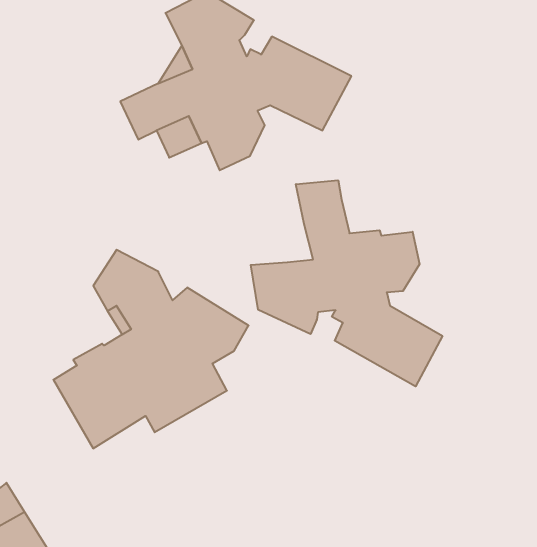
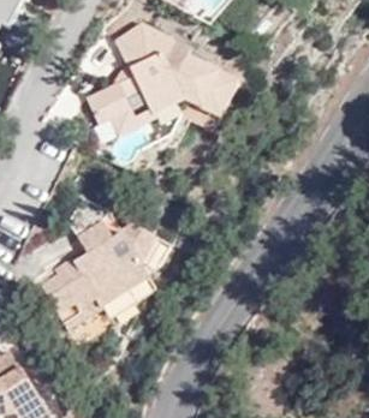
building: [251,180,442,386] -> none

